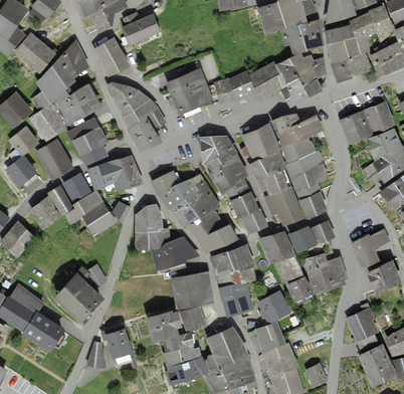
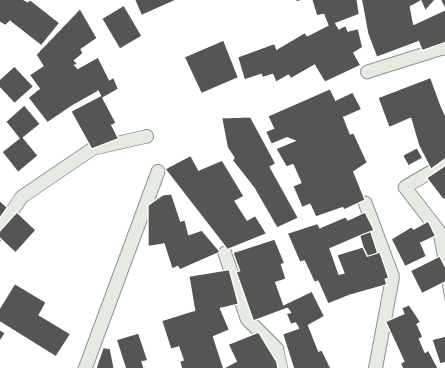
building: [105,80,165,151] -> none
building: [33,138,72,180] -> none
building: [28,155,140,236] -> none
building: [55,264,106,322] -> none

